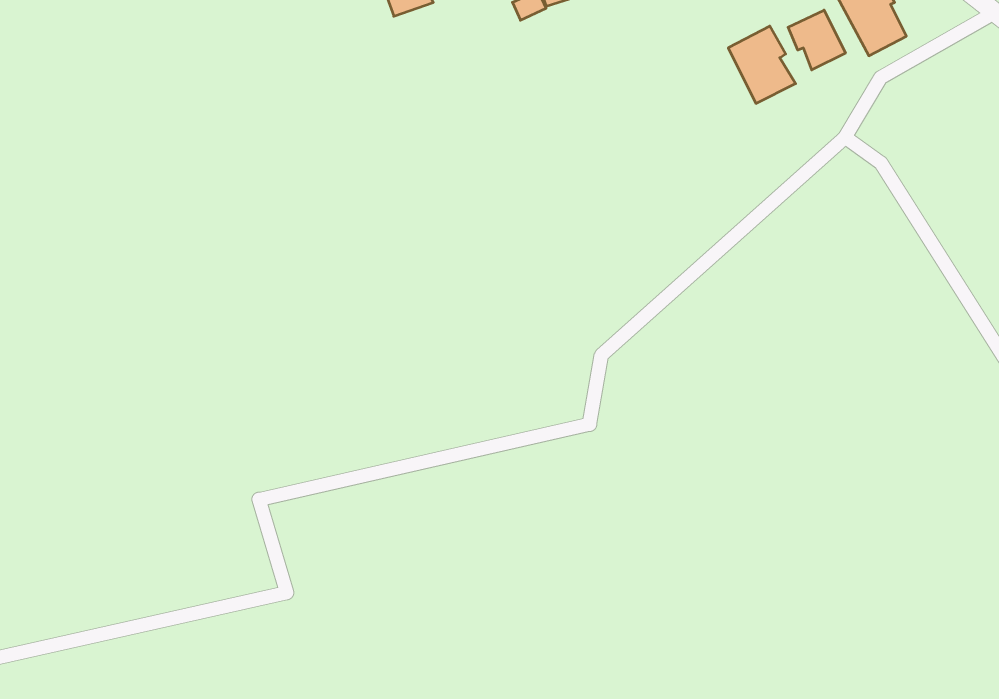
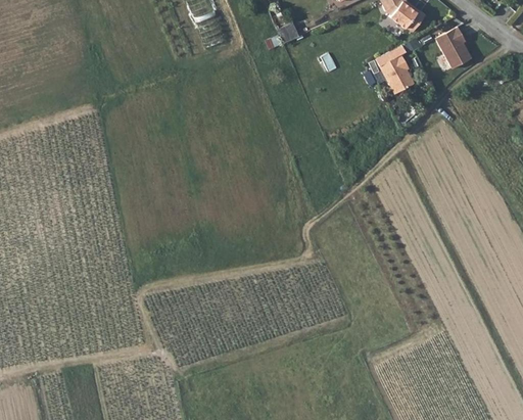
building: [788,10,845,70] -> none

